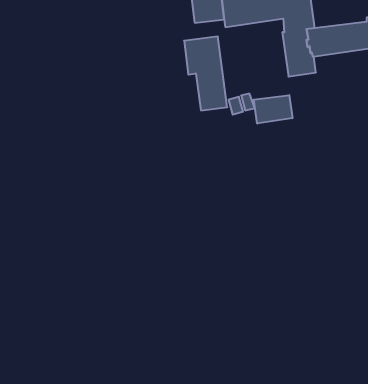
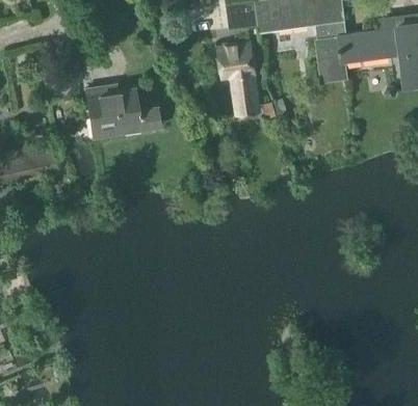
building: none -> [83,83,160,135]
building: [254,95,292,124] -> none

